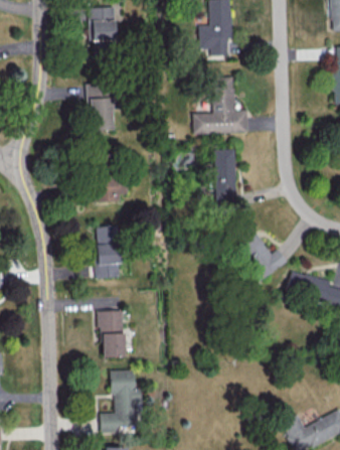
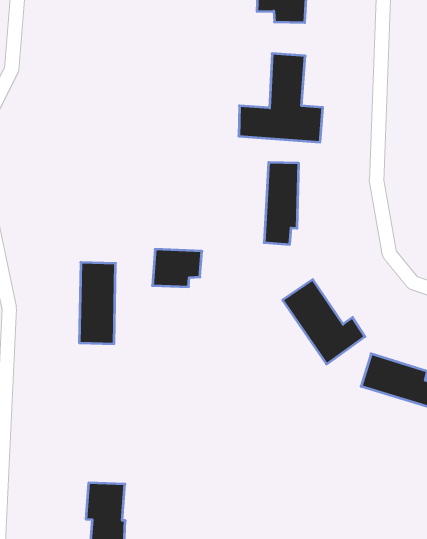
building: [88,79,112,130] -> none
building: [96,176,127,201] -> [152,249,202,287]
building: [100,310,124,356] -> none

